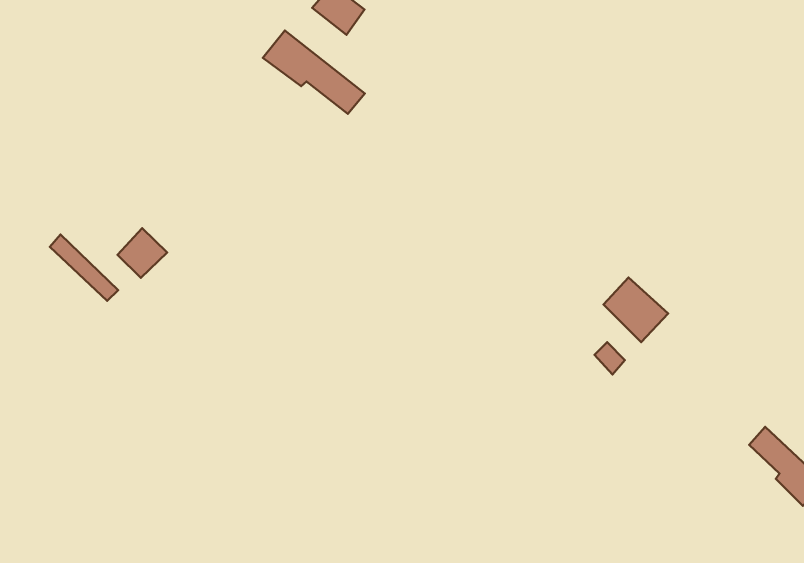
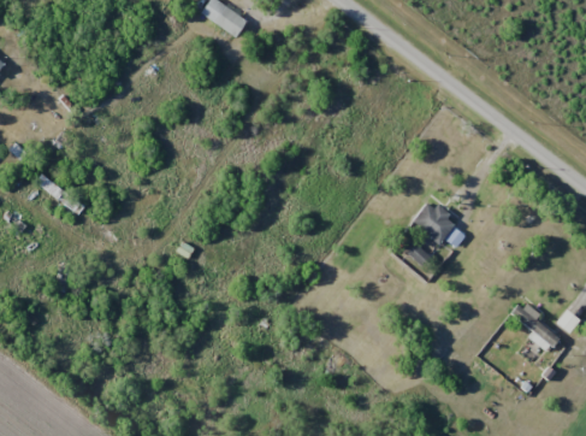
building: [263,30,365,114] -> none
building: [118,228,167,278] -> none

